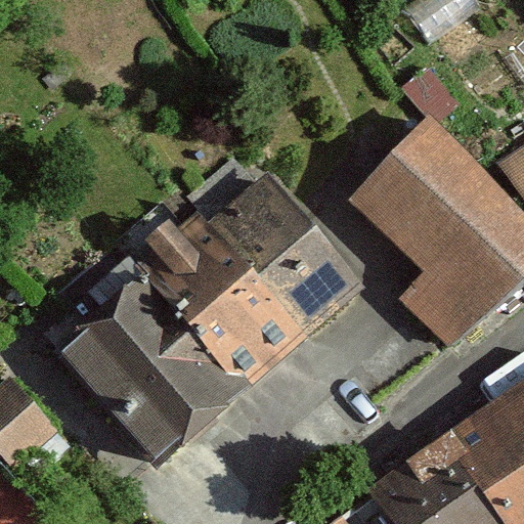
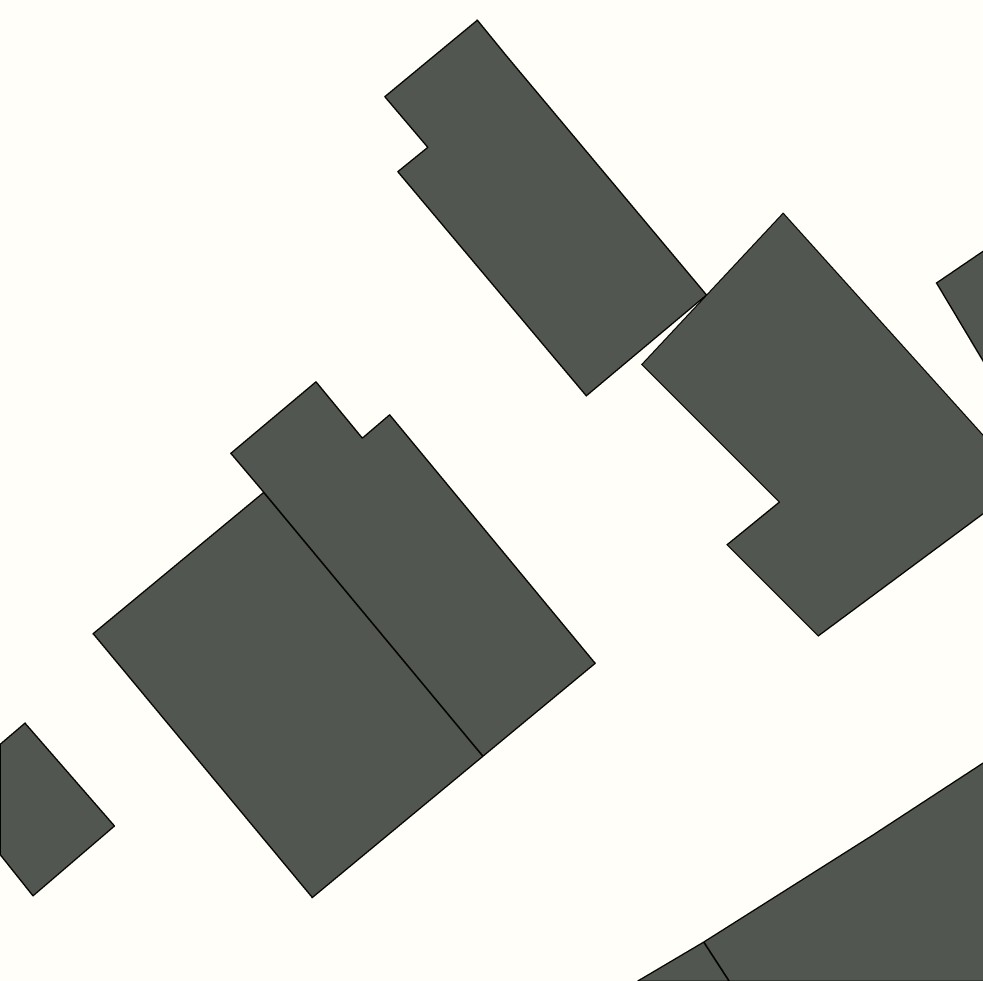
building: none -> [385,20,706,396]
building: [191,159,374,350] -> none

